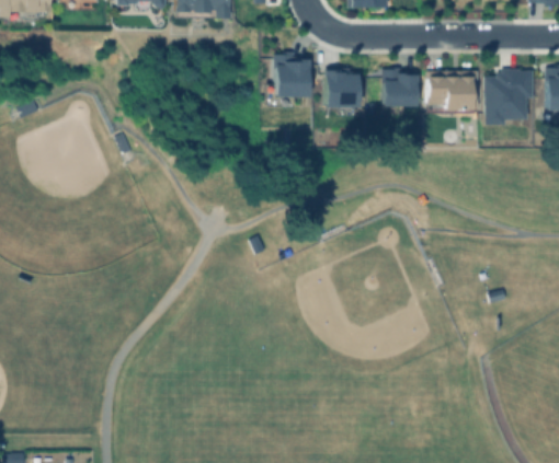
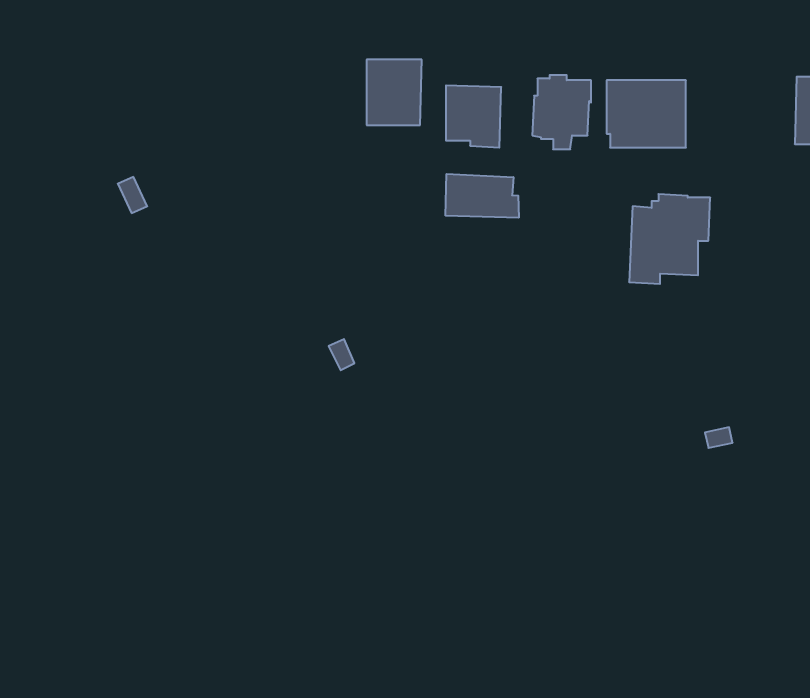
building: [482,67,534,124] -> [629,194,710,284]
building: none -> [446,174,519,218]

